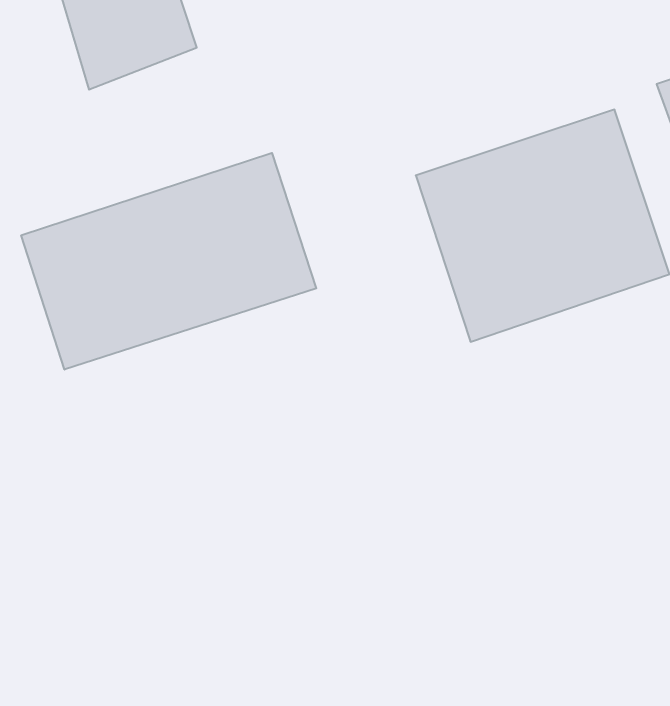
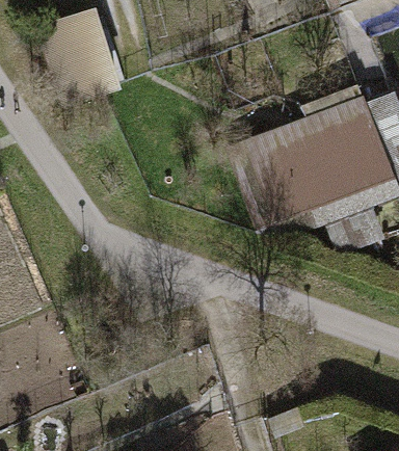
building: [21,153,316,370] -> none

